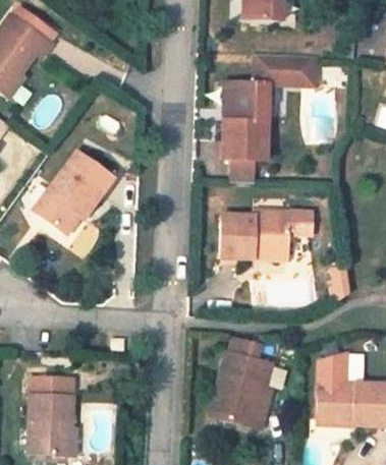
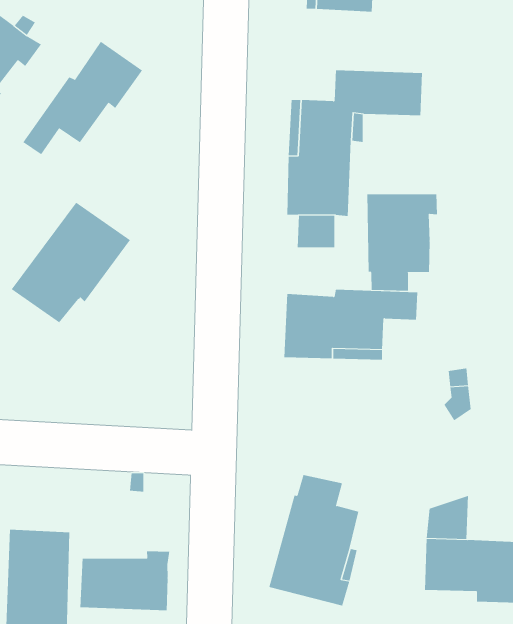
building: none -> [22,41,143,155]
building: none -> [367,193,437,292]
building: none -> [80,550,170,611]

